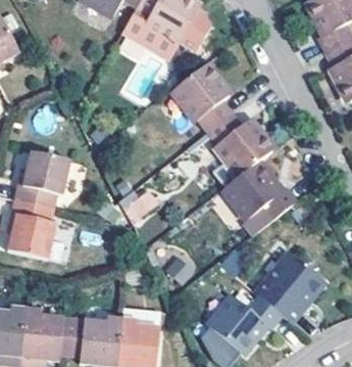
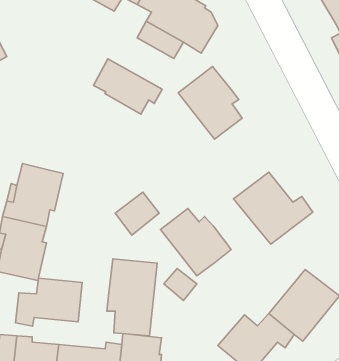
building: none -> [93,59,162,114]
building: [207,111,272,174] -> [160,209,231,276]
building: none -> [107,259,157,336]
building: none -> [15,278,82,326]

